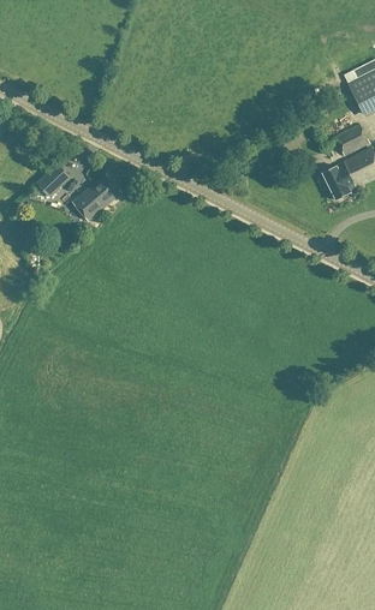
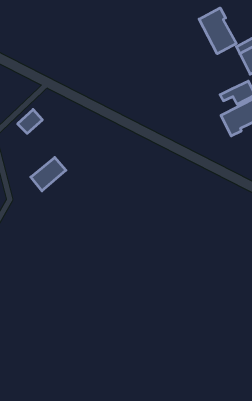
building: none -> [199,8,236,54]
building: [71,174,120,221] -> [31,157,66,191]

